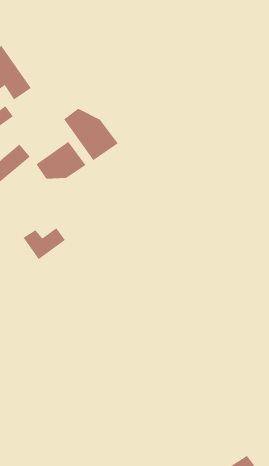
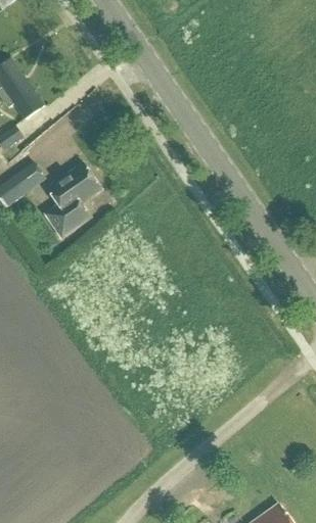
building: [63,108,119,161] -> none
building: [23,227,66,260] -> [44,205,91,241]

